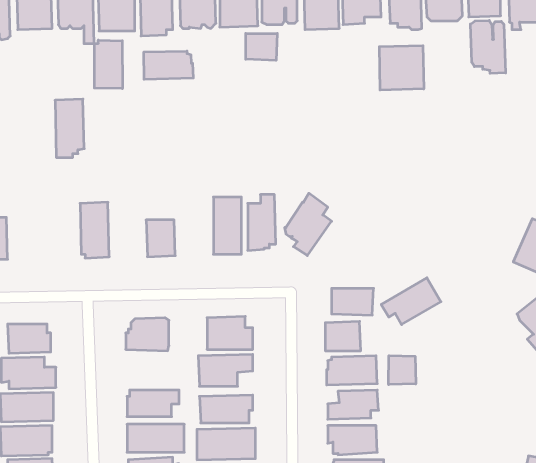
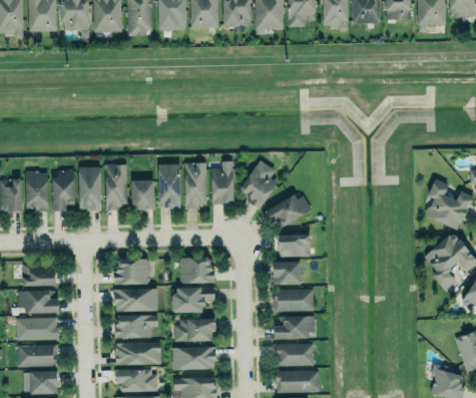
building: [470,20,506,73] -> none
building: [246,33,277,60] -> none
building: [94,40,122,89] -> none
building: [379,46,424,90] -> none
building: [144,51,193,79] -> none
building: [55,99,84,157] -> [105,164,128,211]
building: none -> [158,164,180,210]
building: none -> [25,170,49,214]
building: none -> [53,170,75,212]
building: [381,278,441,325] -> [265,191,312,229]
building: [389,356,416,385] -> none
building: none -> [114,289,157,312]

